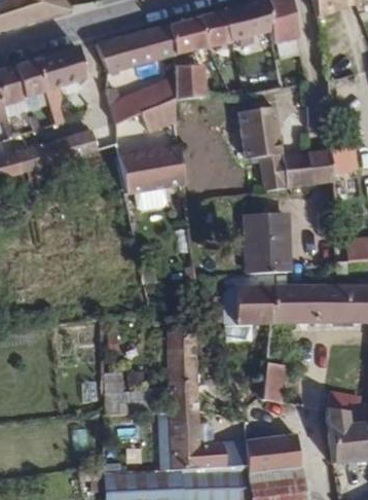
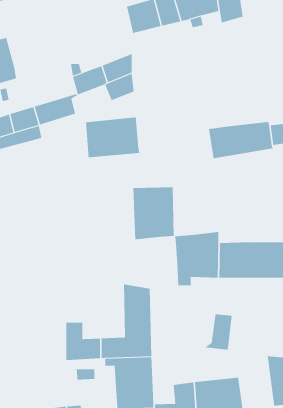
building: [98,24,178,73] -> none
building: [39,46,86,92] -> none
building: [178,64,209,99] -> none
building: [237,109,283,160] -> none
building: [244,216,290,275] -> [133,187,175,240]

